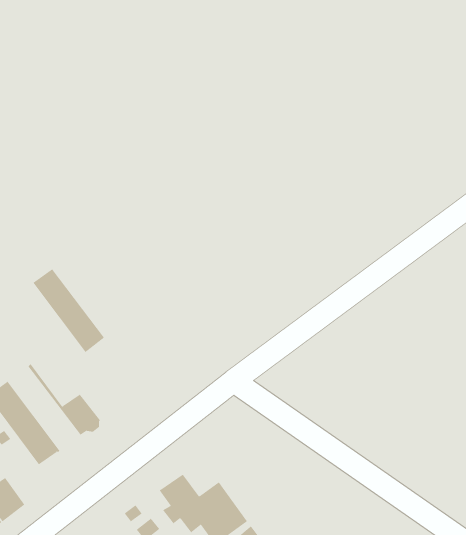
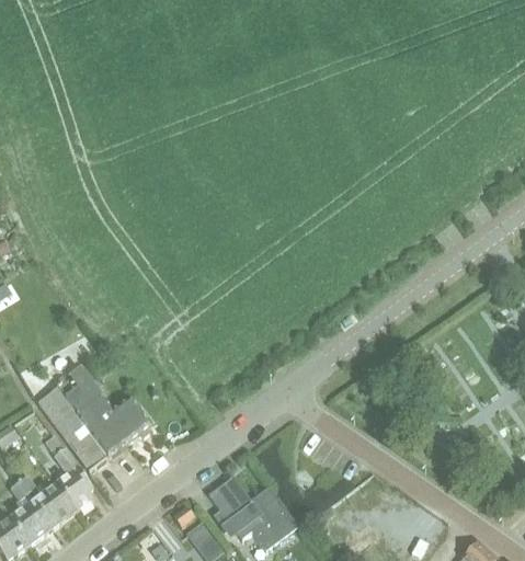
building: [33,268,105,353] -> [58,371,130,456]
building: none -> [55,448,92,510]

